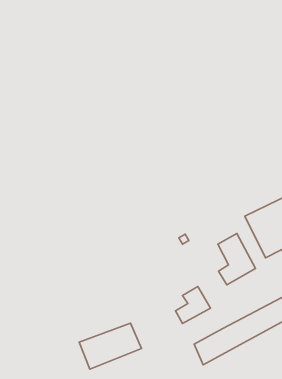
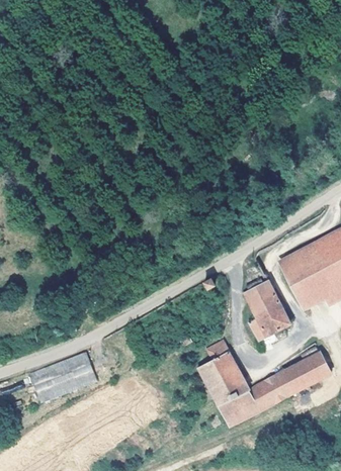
building: none -> [206,365,251,405]
building: [79,323,141,369] -> [25,351,95,402]

